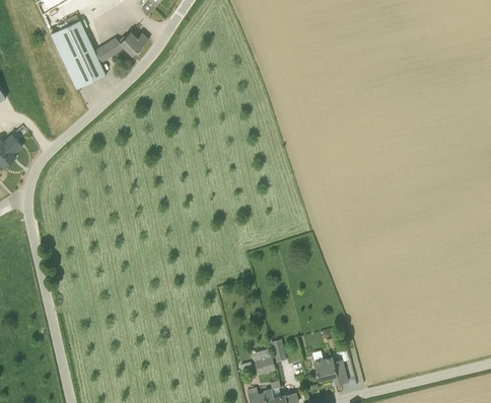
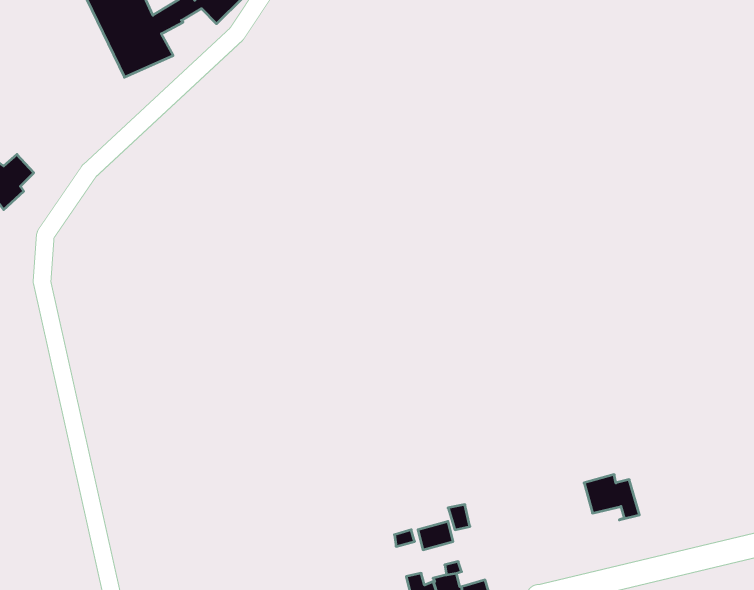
building: [313,356,347,384] -> [584,475,639,520]

